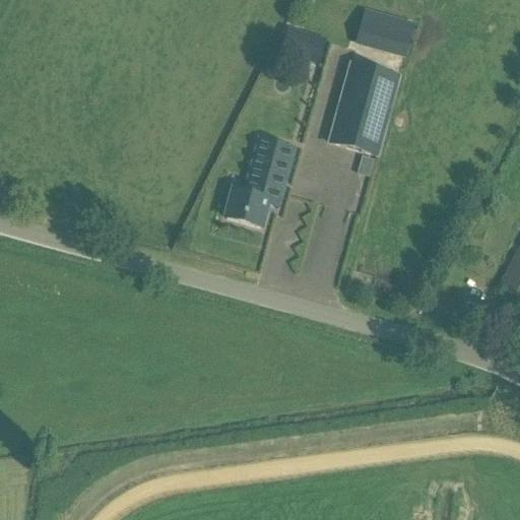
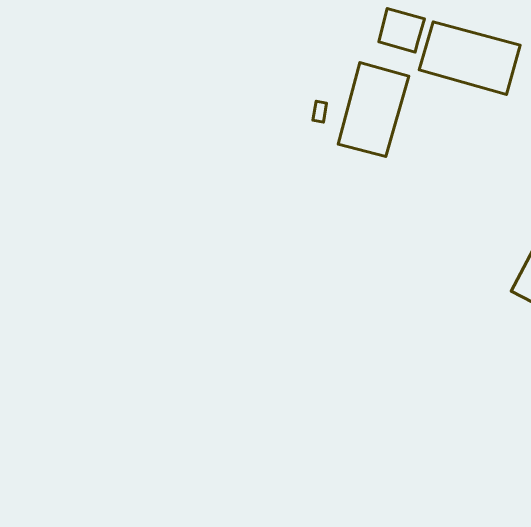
building: none -> [419,22,520,95]
building: [229,136,295,223] -> none

